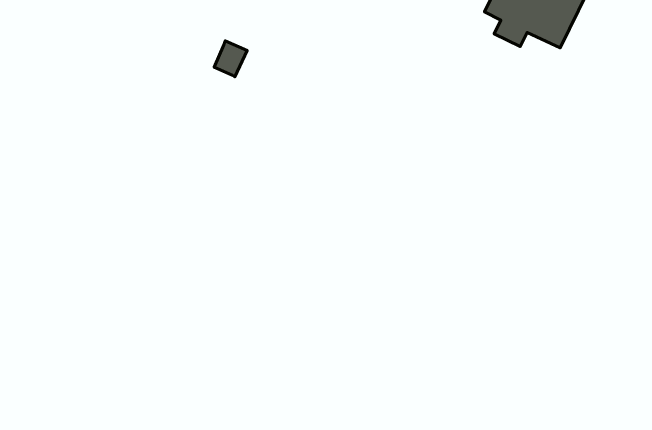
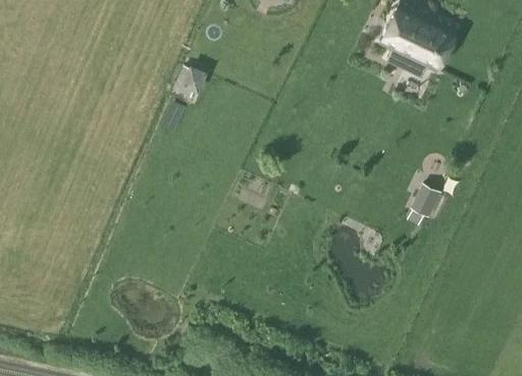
building: none -> [410,184,439,216]

